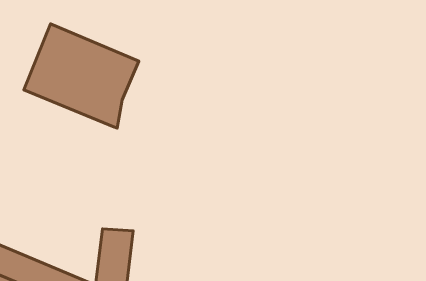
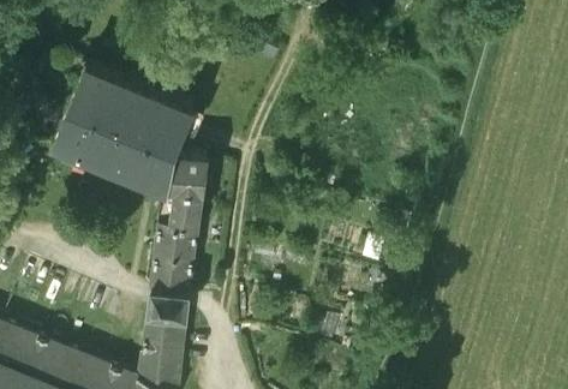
building: none -> [149,160,207,319]

